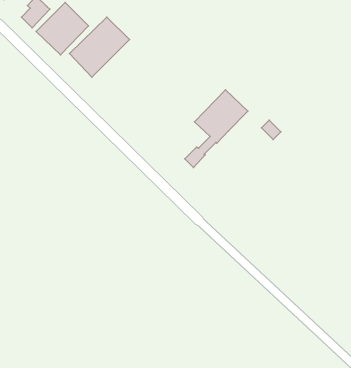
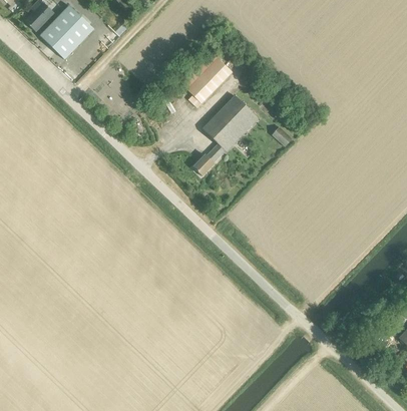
building: [70,17,129,77] -> none
building: none -> [179,50,232,107]

